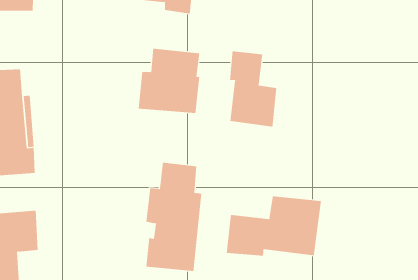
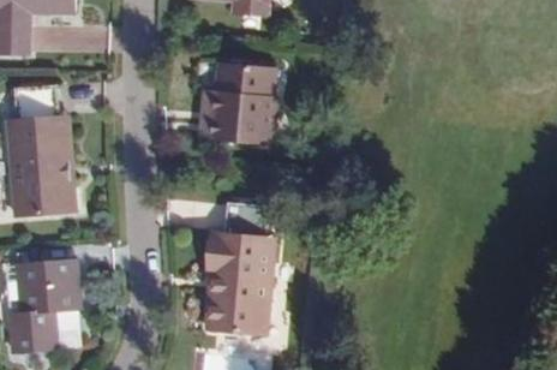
building: [230,50,277,128] -> none
building: [226,195,322,257] -> none

